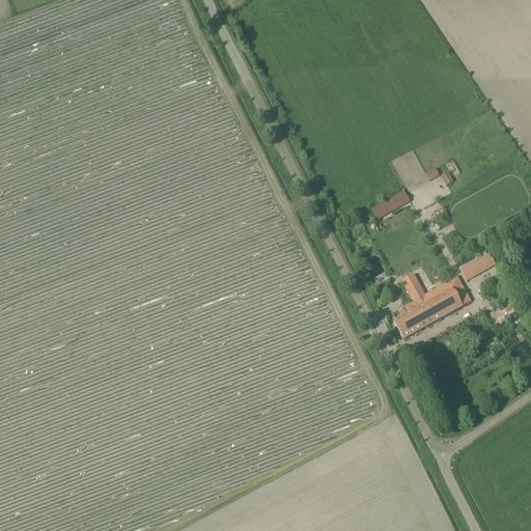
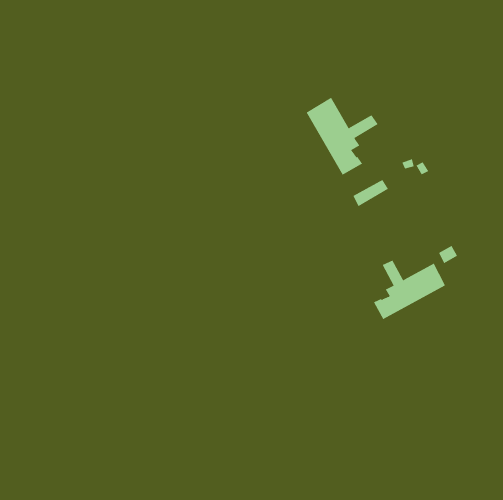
building: none -> [306,97,378,175]

